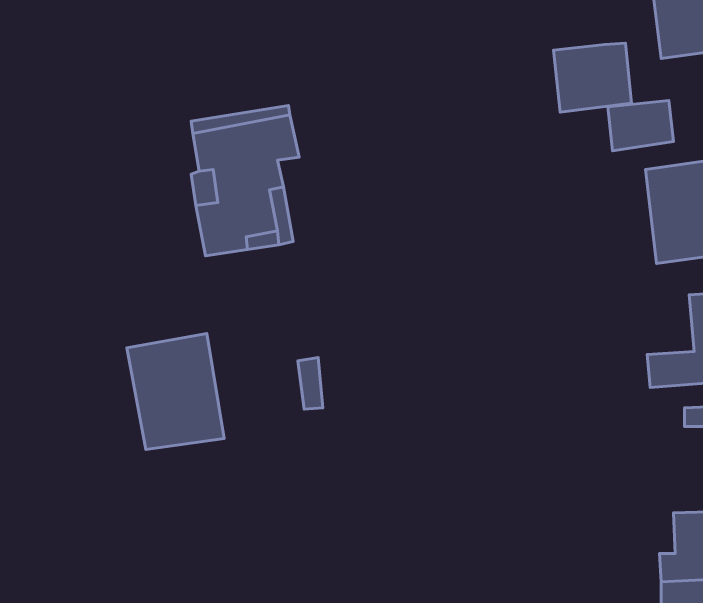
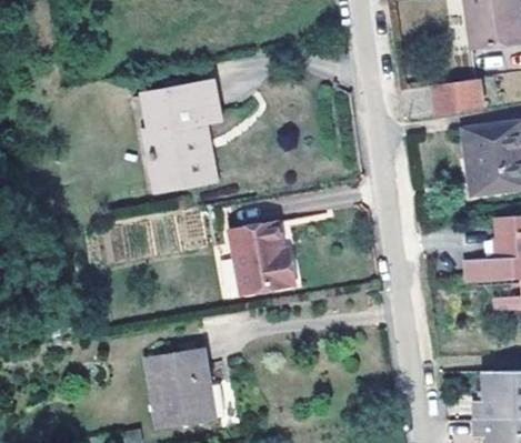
building: [554,43,632,112] -> none
building: none -> [233,215,293,284]
building: [127,334,224,450] -> [144,346,213,429]

